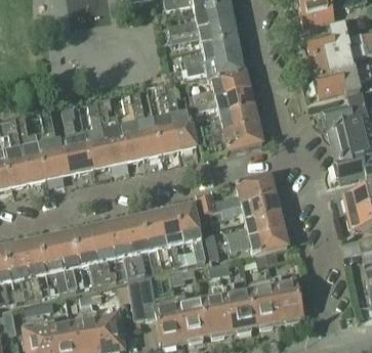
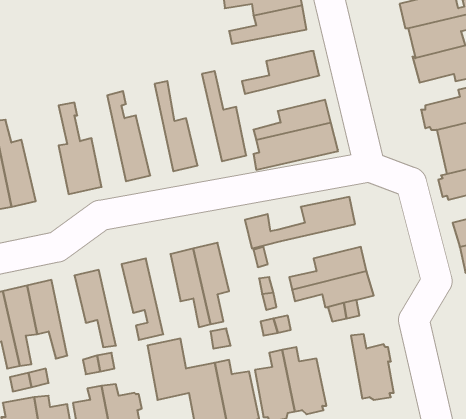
building: [187,55,243,79] -> none
building: [154,87,179,152] -> none
building: [196,88,253,114] -> none
building: [120,94,144,160] -> none
building: [86,102,111,168] -> none
building: [36,114,70,178] -> none
building: [221,194,279,219] -> none
building: [176,204,206,260] -> none
building: [125,216,150,273] -> none
building: [91,223,116,281] -> none
building: [57,231,82,289] -> none
building: [249,274,280,326] -> none

